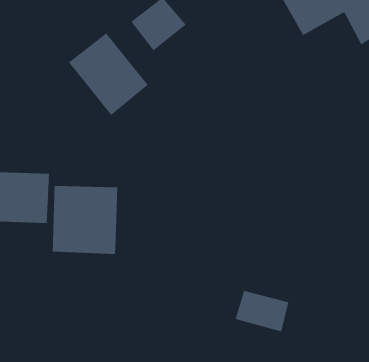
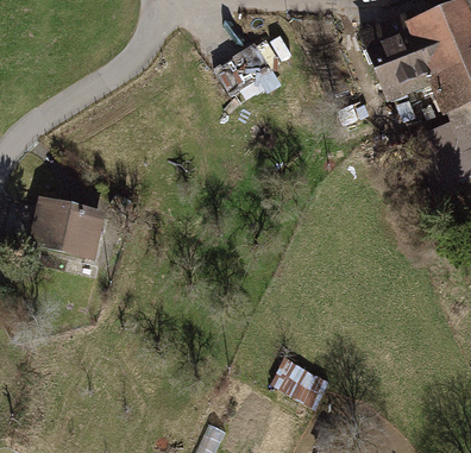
building: [68,33,149,116] -> none
building: [52,185,118,255] -> none

